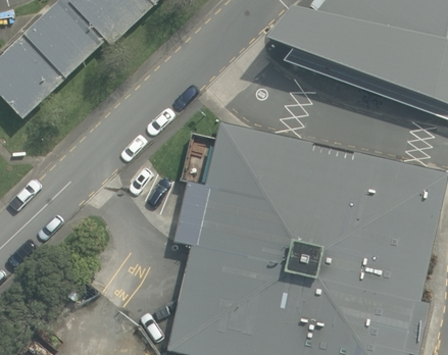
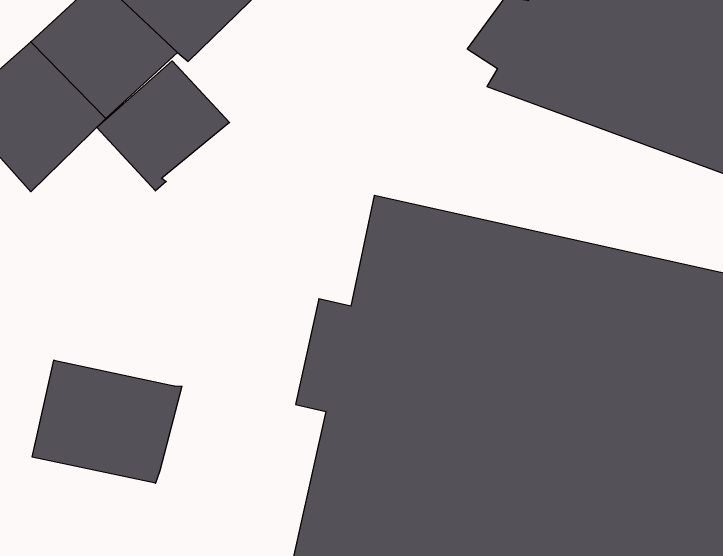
building: none -> [97,61,230,191]
building: none -> [32,360,182,483]

